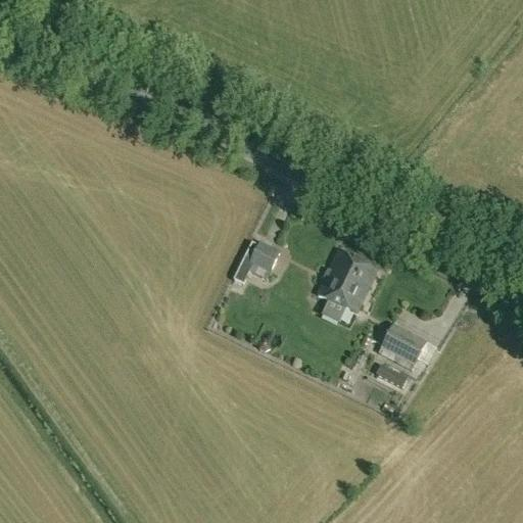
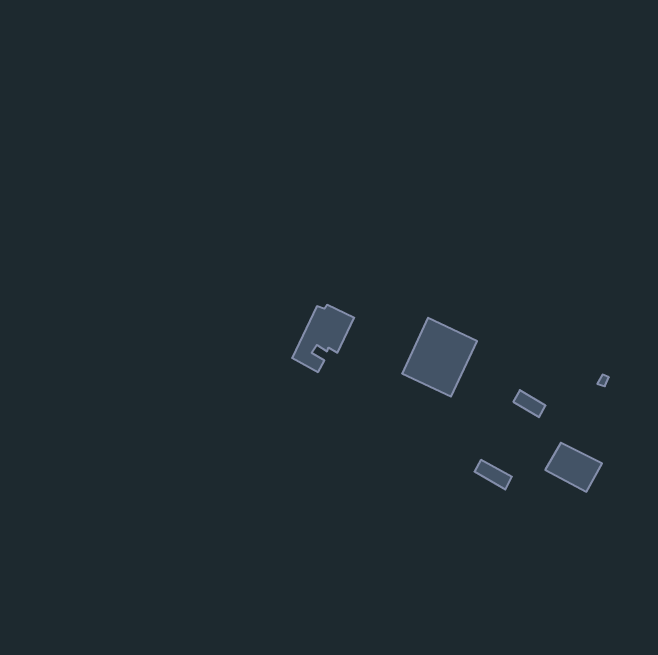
building: [382,324,427,363] -> [545,443,602,492]

